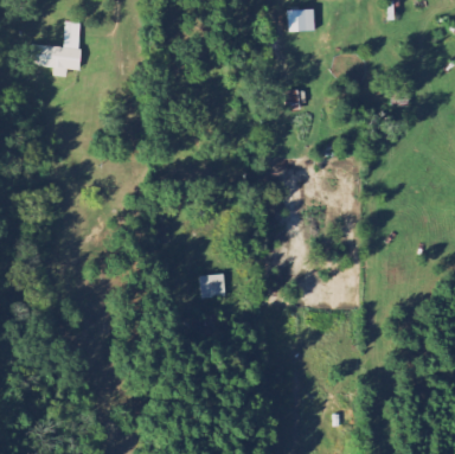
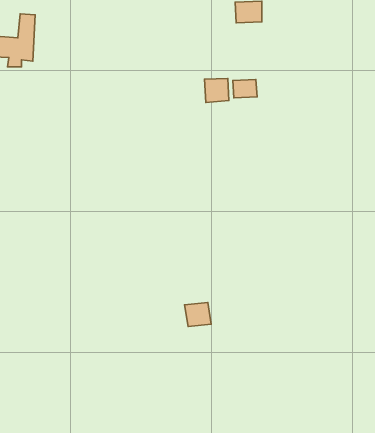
building: none -> [205,78,229,102]
building: [198,273,225,298] -> [185,302,211,327]

